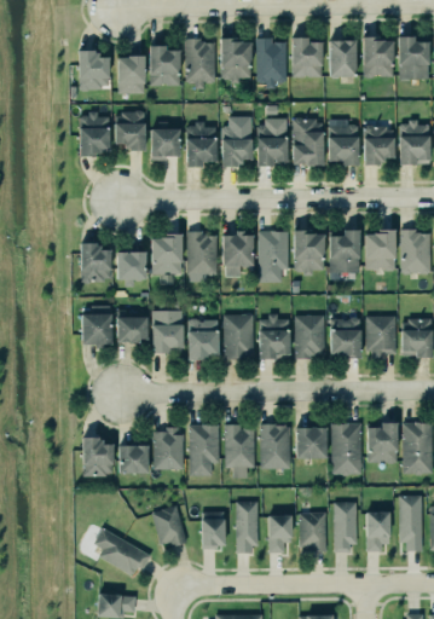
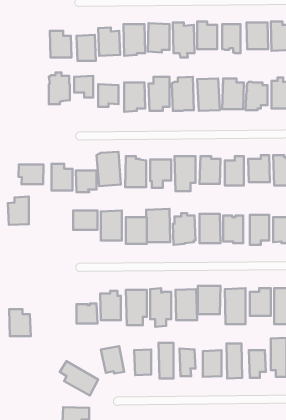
building: none -> [18,164,44,184]
building: [81,306,111,347] -> [8,197,29,225]
building: [82,438,114,476] -> [9,309,31,336]

